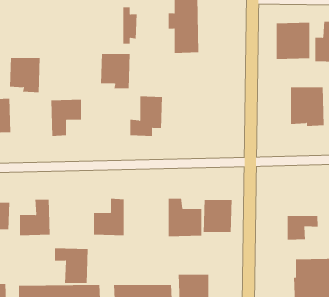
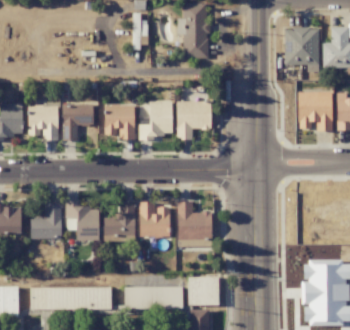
building: [100,53,131,89] -> [105,105,135,140]
building: [9,57,40,93] -> [28,106,59,141]
building: none -> [177,101,212,140]
building: none -> [139,202,169,237]
building: [203,199,232,233] -> none
building: [287,215,318,240] -> none
building: [54,248,89,283] -> [66,205,100,240]

